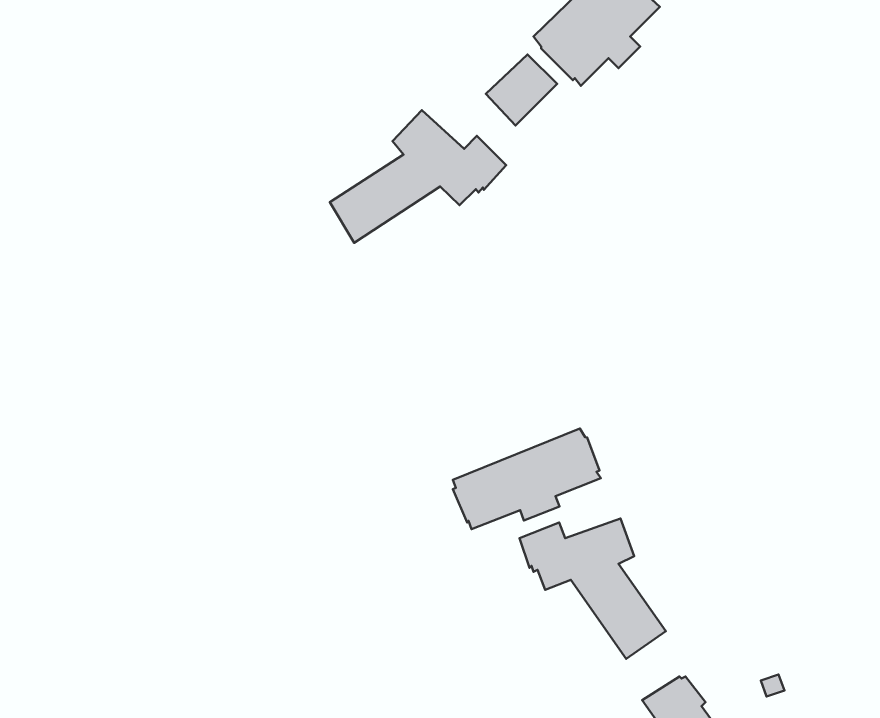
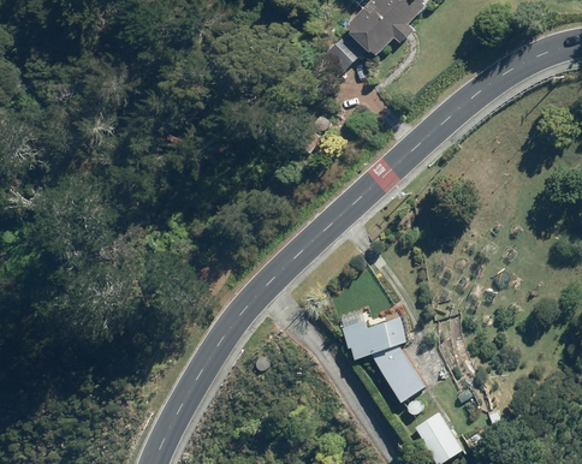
building: [330,110,506,243] -> none
building: [453,428,601,529] -> none

